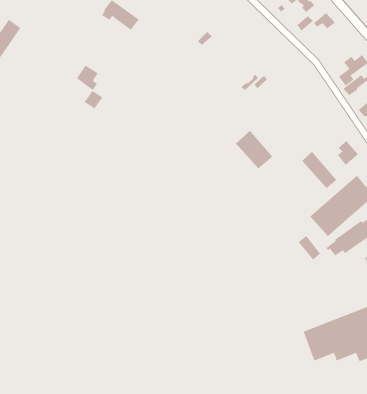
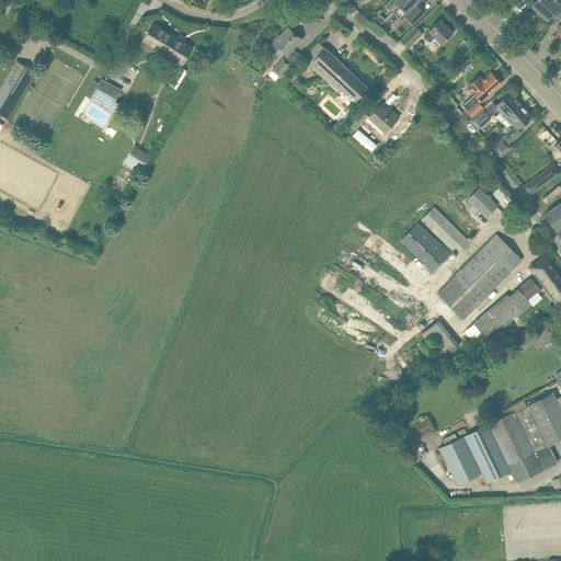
building: none -> [268,27,301,55]
building: none -> [307,42,368,102]
building: [76,65,99,91] -> [91,80,121,114]
building: none -> [366,105,399,135]
building: [235,130,273,169] -> [400,221,451,273]

